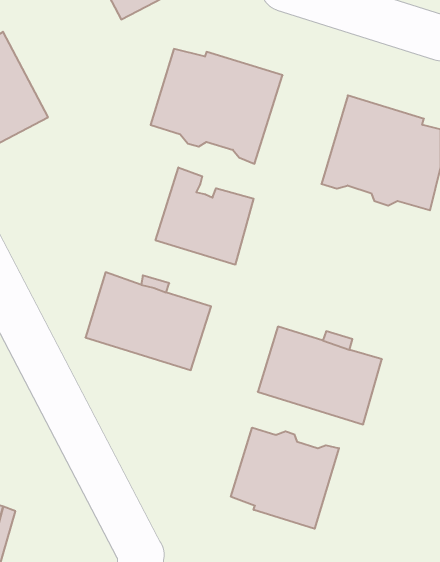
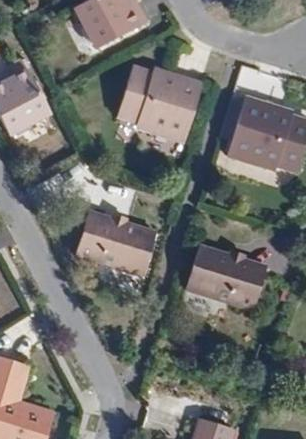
building: [156,167,254,265] -> none
building: [231,428,339,529] -> none

